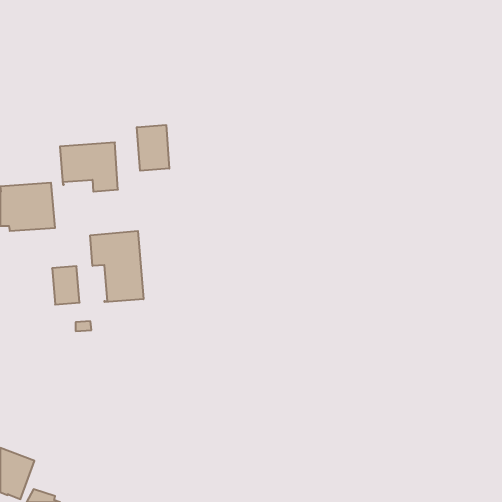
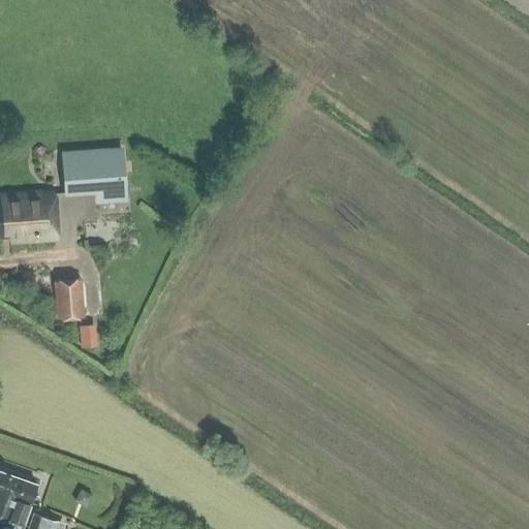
building: [137,125,169,171] -> none
building: [90,231,143,302] -> none

